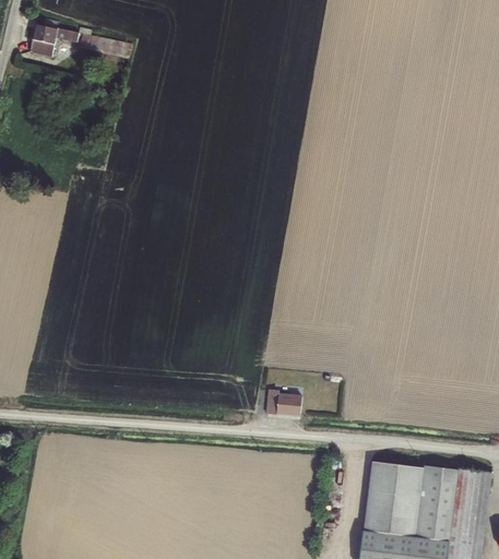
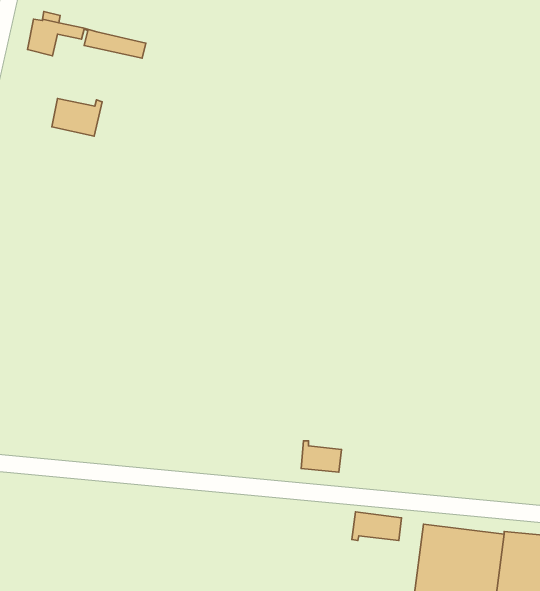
building: none -> [52,99,102,136]
building: none -> [352,512,401,541]

